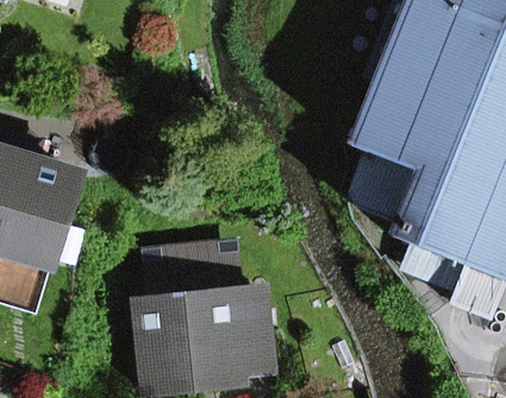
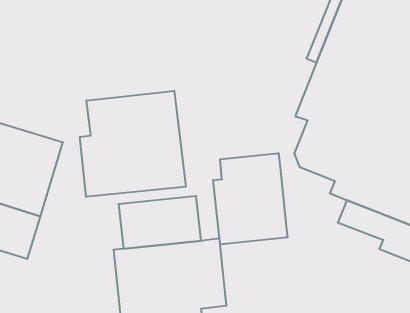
building: none -> [80,91,186,197]
building: none -> [213,153,287,244]

